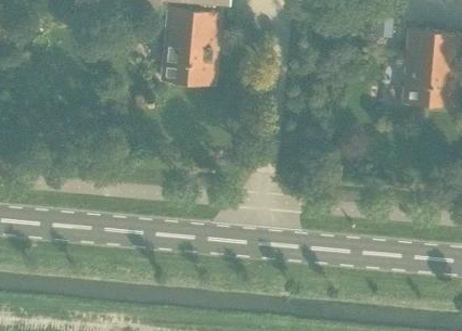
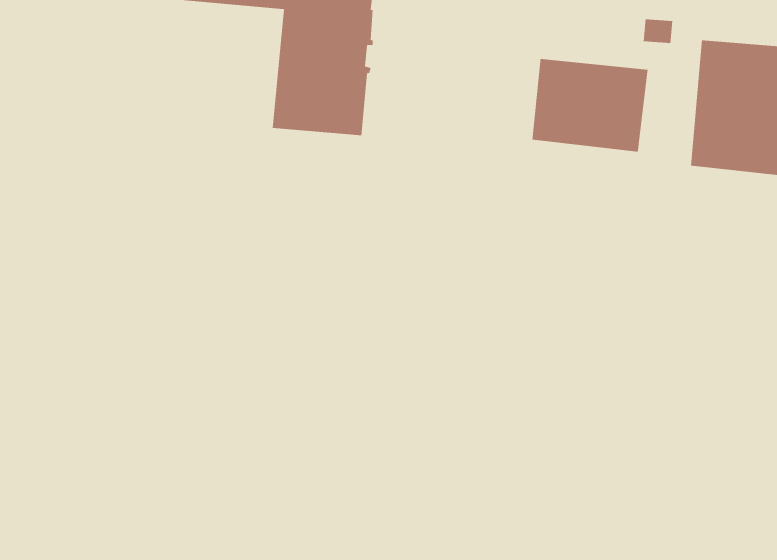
building: none -> [532,58,648,153]

